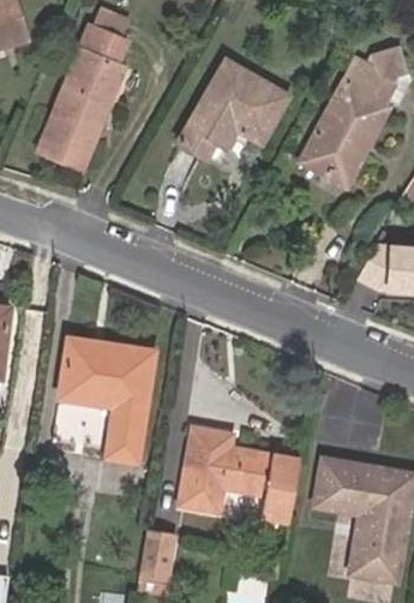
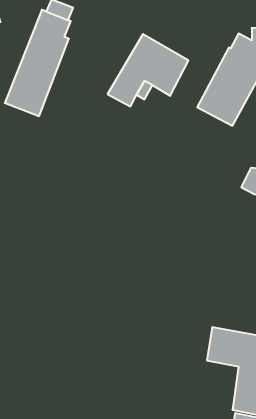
building: [59,339,154,461] -> none
building: [179,426,299,519] -> none
building: [139,530,173,579] -> none

